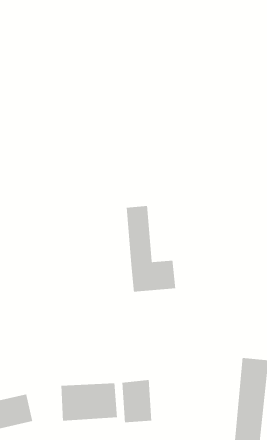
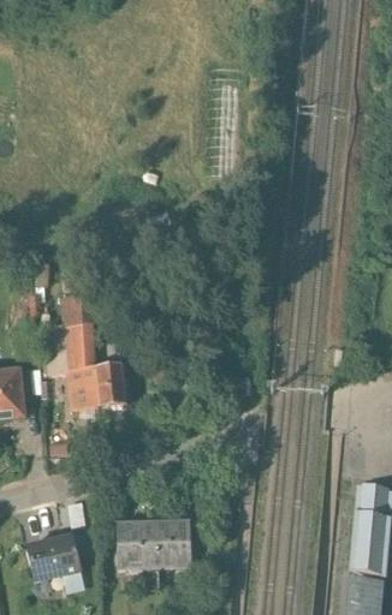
building: [126,205,176,293] -> [63,292,129,407]
building: [122,379,152,423] -> none

